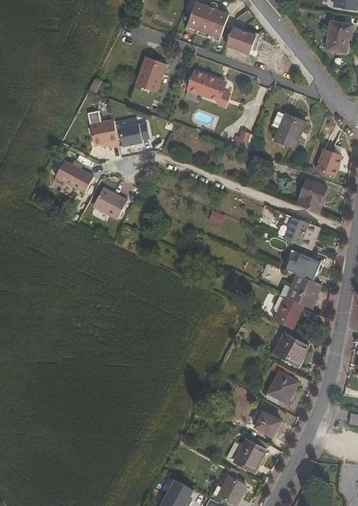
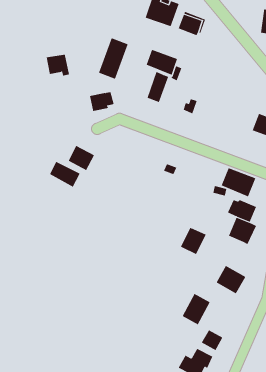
building: none -> [147,71,169,103]
building: [272,111,306,149] -> none
building: [89,119,118,146] -> [46,54,70,76]
building: [54,160,92,192] -> [49,161,80,187]
building: [297,178,328,213] -> none
building: [273,296,305,330] -> [180,227,206,255]
building: [267,365,302,404] -> [182,293,211,325]

